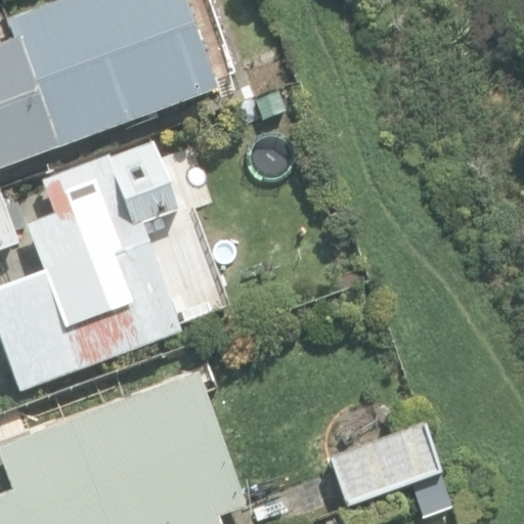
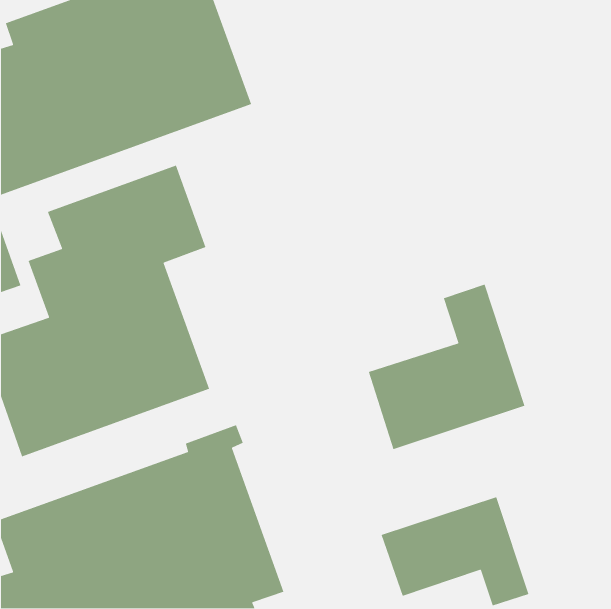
building: none -> [368,284,526,450]

